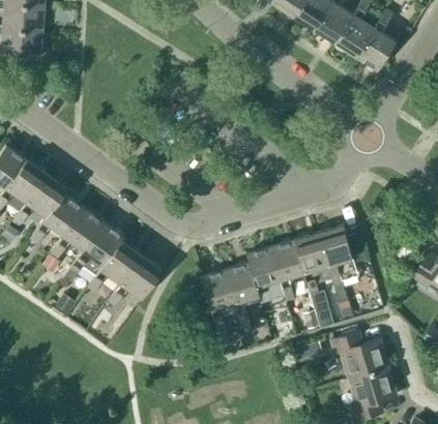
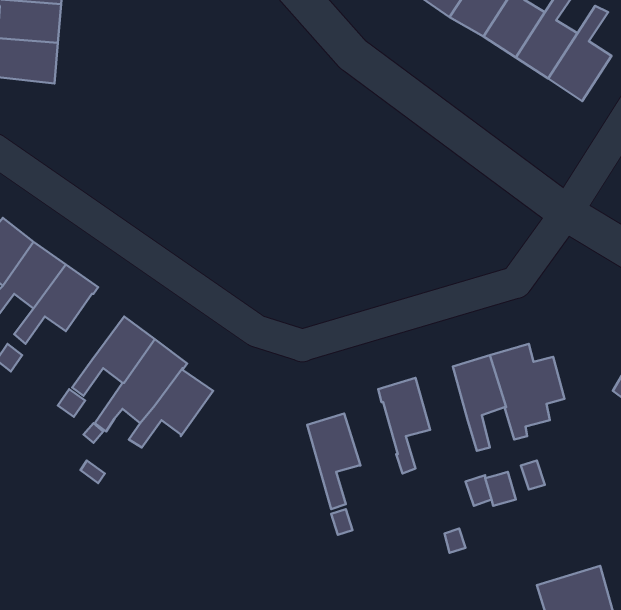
building: [31,192,85,243] -> none
building: [271,239,304,300] -> none
building: [109,254,163,305] -> none
building: [226,262,260,333] -> none
building: [332,332,389,378] -> none

